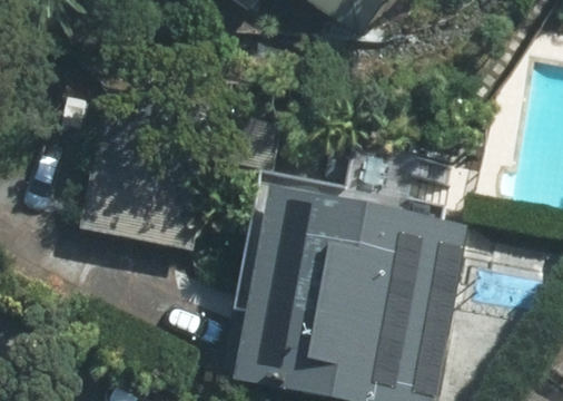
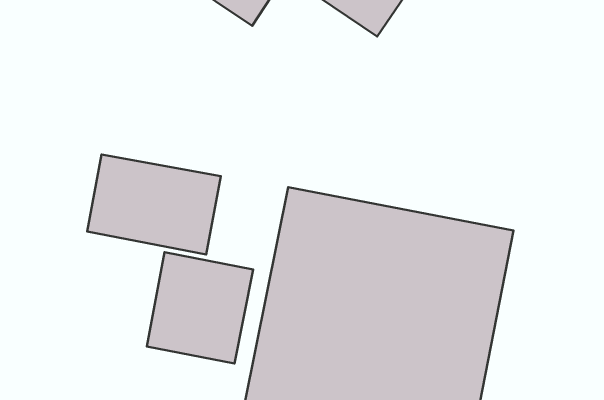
building: none -> [147,252,253,364]

